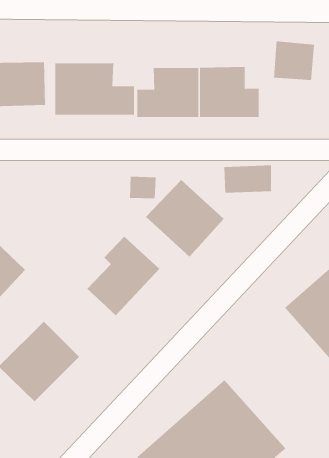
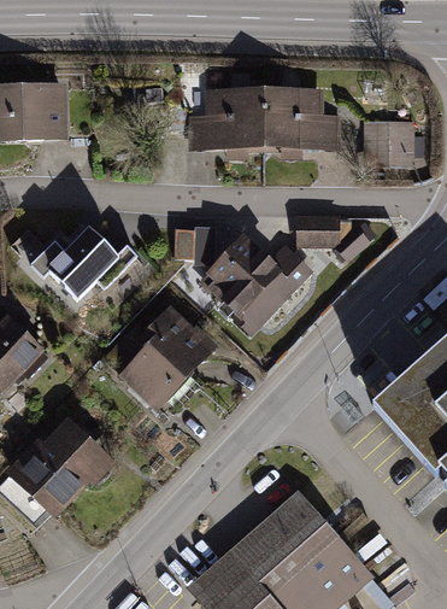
building: [273,41,315,81] -> [363,123,416,174]
building: [55,63,134,115] -> none
building: none -> [45,224,119,298]

